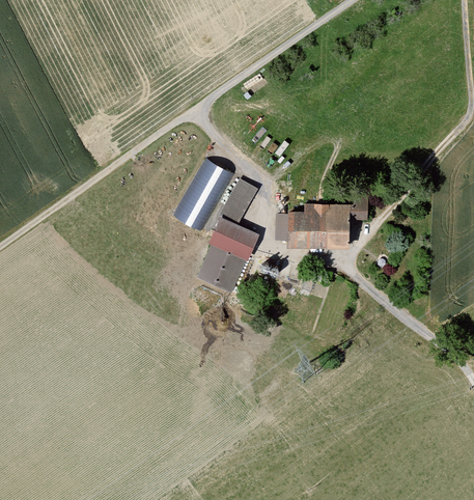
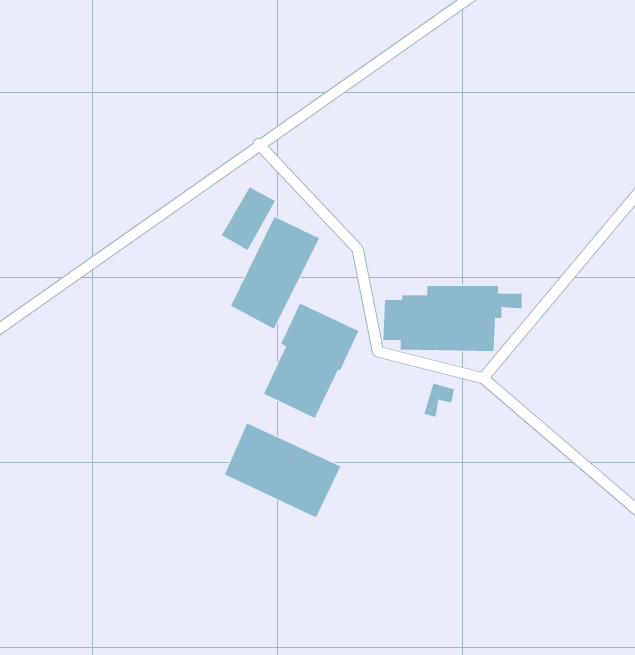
building: [221,179,257,222] -> [221,187,276,251]
building: none -> [224,423,341,518]

